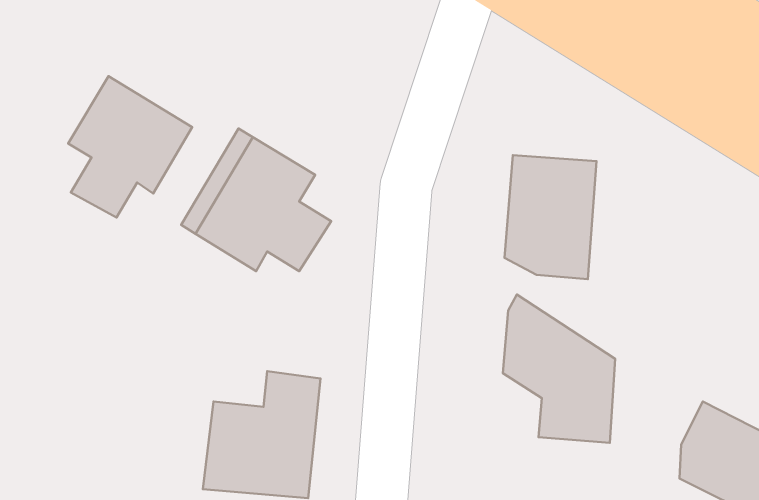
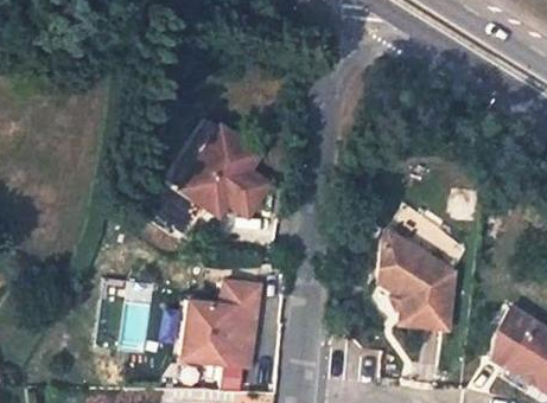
building: [68,76,192,217] -> none
building: [504,155,597,279] -> none

